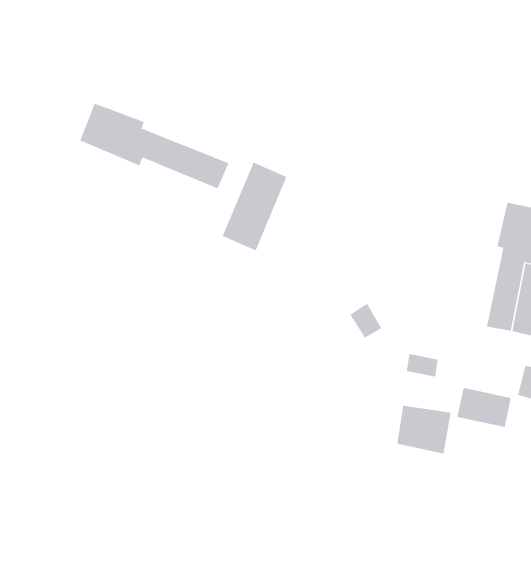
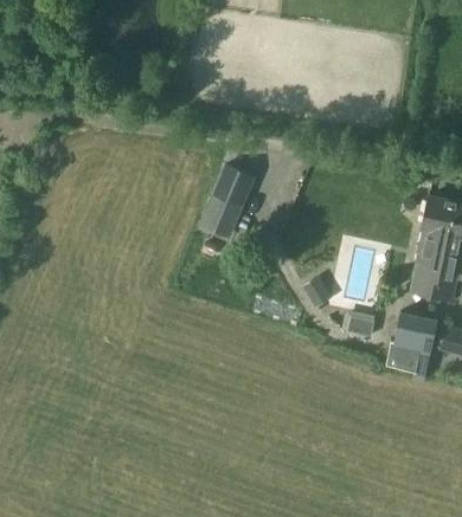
building: [80,103,229,189] -> none
building: [397,405,451,454] -> [393,314,437,353]

